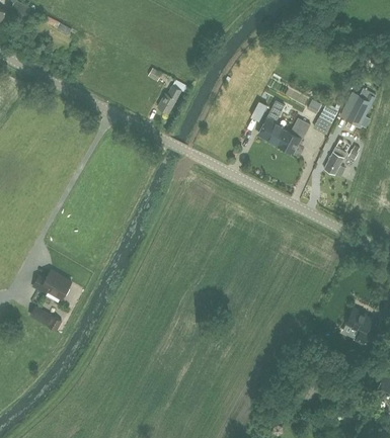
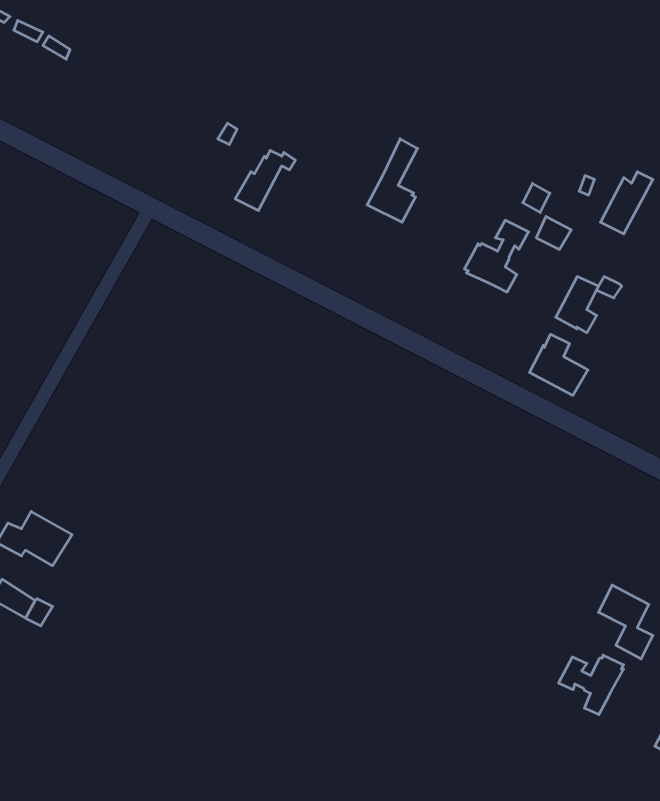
building: [257,99,284,143] -> [367,139,418,222]
building: none -> [530,334,588,395]
building: none -> [559,655,624,715]

